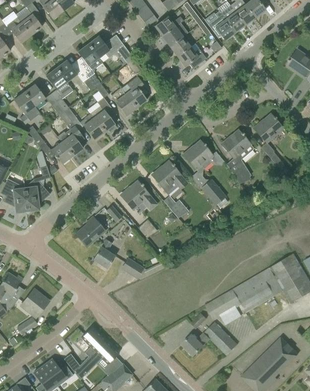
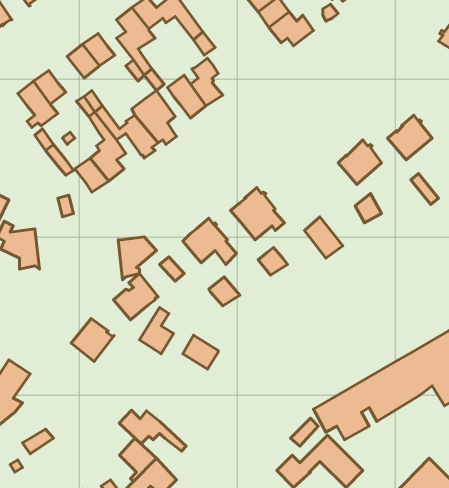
building: [184,140,224,173] -> none
building: [25,185,50,213] -> [118,237,157,280]
building: [21,289,49,317] -> [71,318,114,362]
building: none -> [119,410,186,451]

